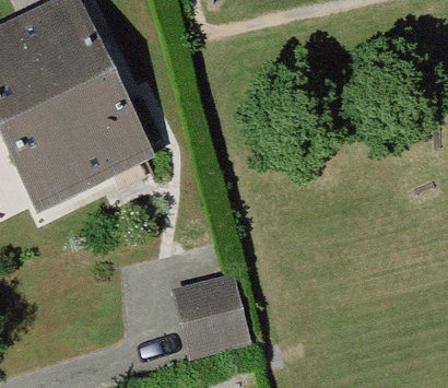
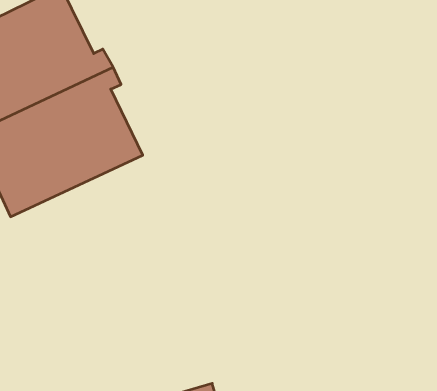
building: [170,274,247,354] -> none

